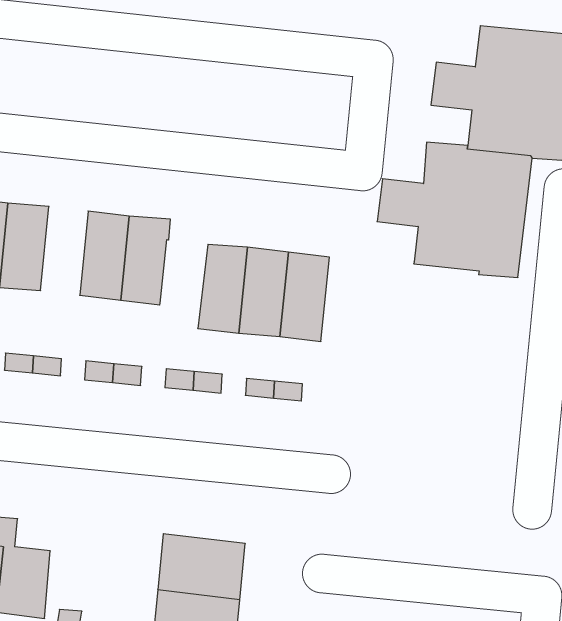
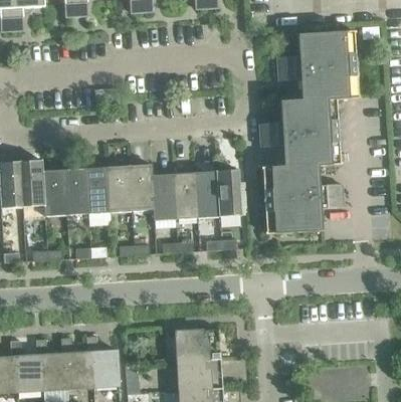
building: none -> [84,167,109,213]
building: none -> [150,174,174,220]
building: none -> [261,164,342,234]

